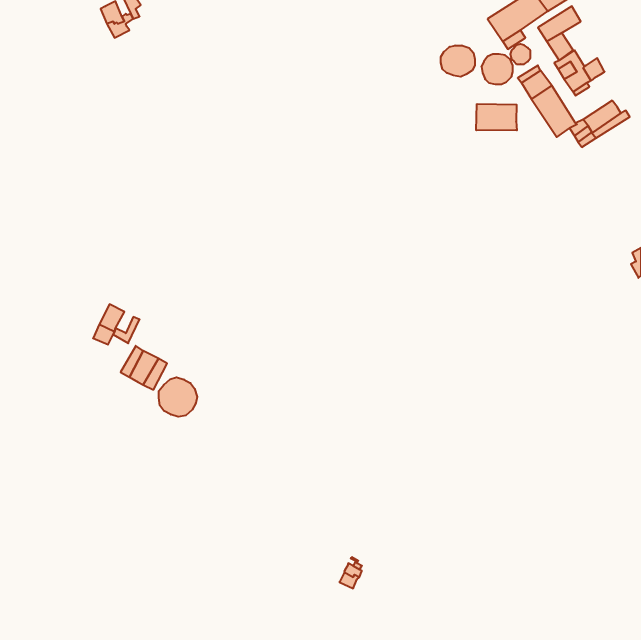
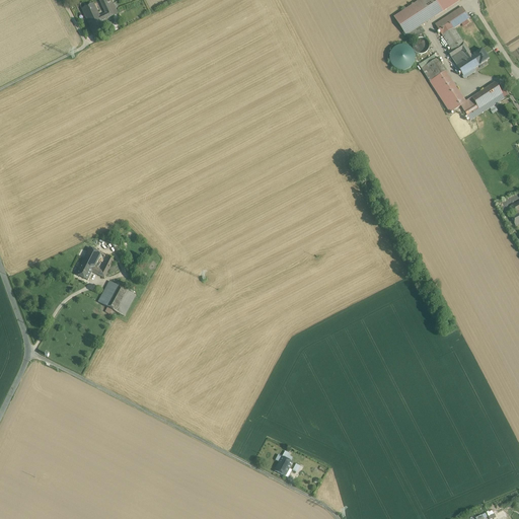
building: [441,45,475,77] -> none
building: [476,104,517,130] -> none
building: [159,377,197,417] -> none

